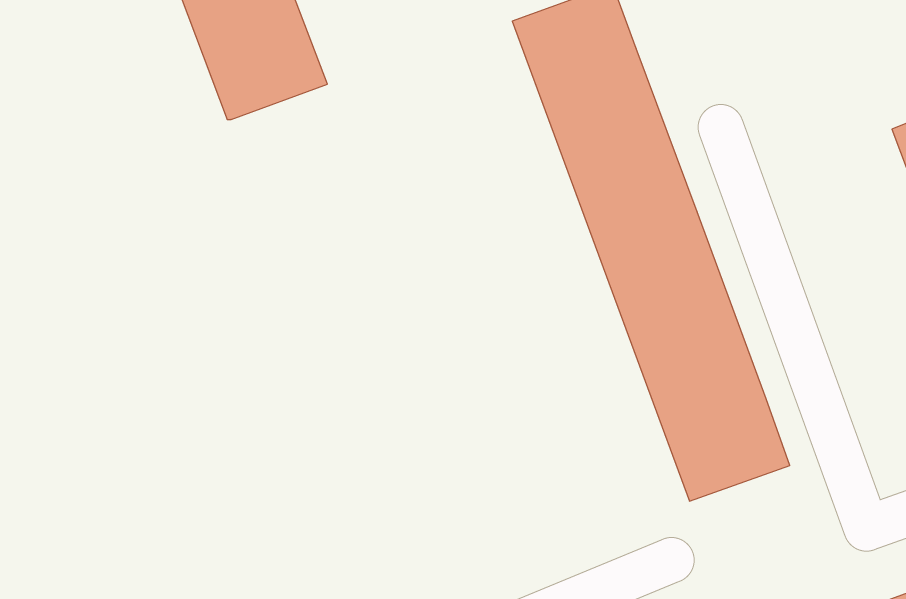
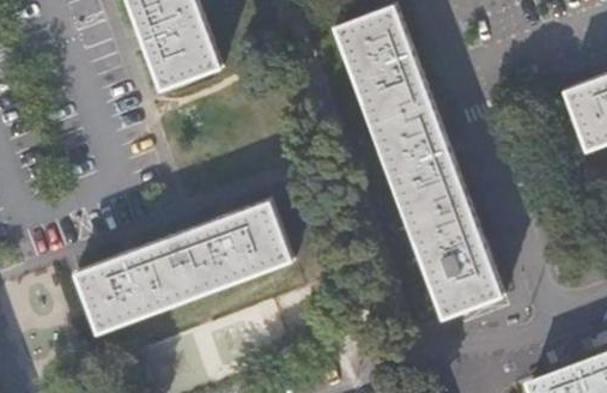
building: none -> [74,199,290,328]

